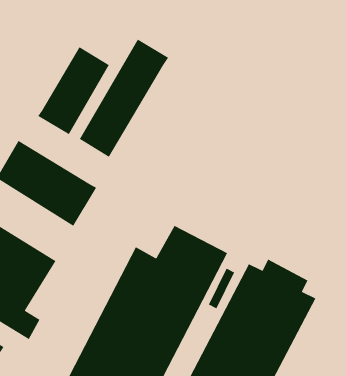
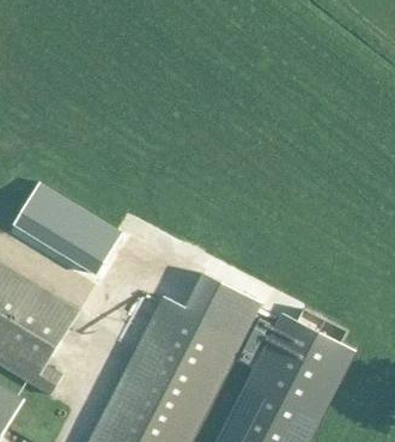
building: [79,39,169,158] -> none
building: [37,46,110,135] -> none

